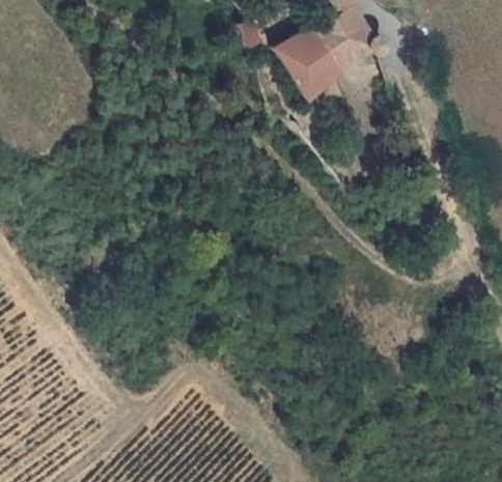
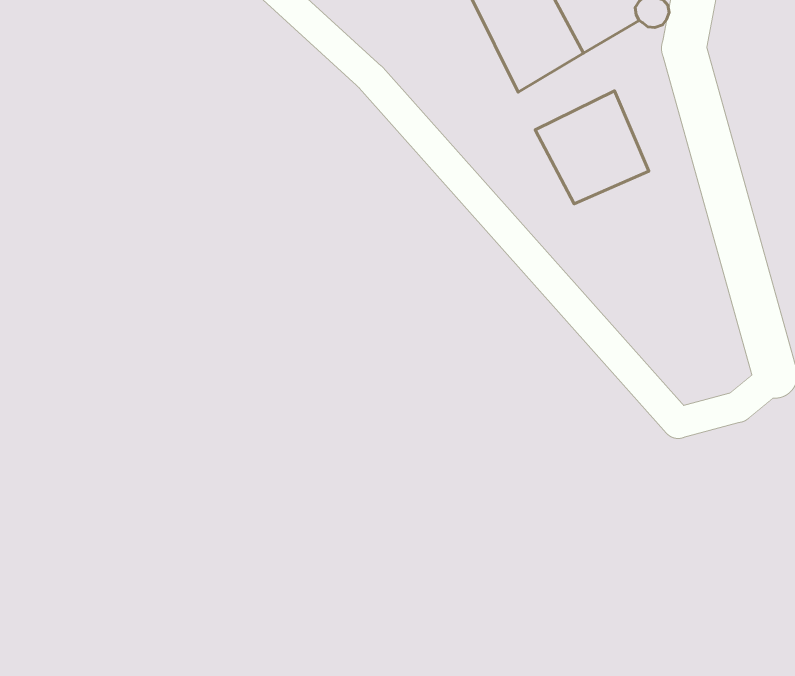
building: none -> [535,91,649,204]

